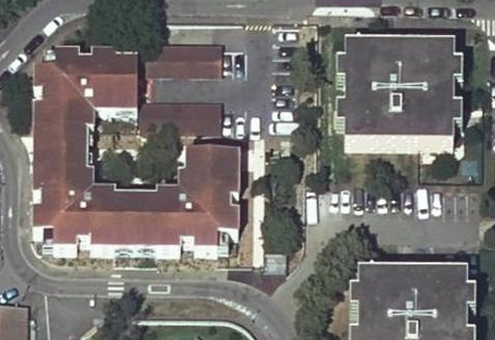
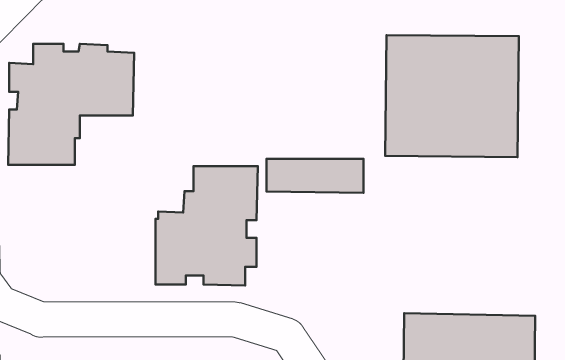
building: [141,41,221,70] -> none
building: [141,101,221,129] -> [266,159,364,193]
building: [33,150,155,249] -> none

